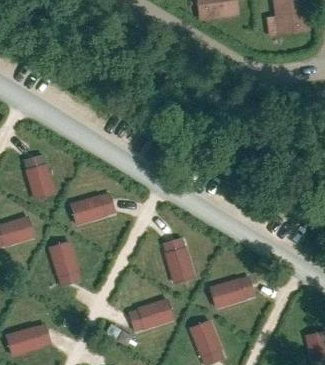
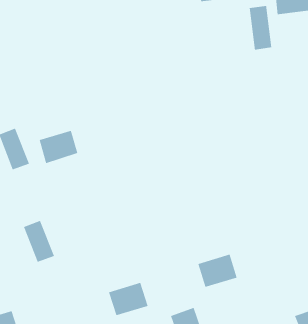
building: none -> [249,5,272,50]
building: [76,190,112,221] -> [39,130,78,164]
building: [161,242,190,282] -> none

